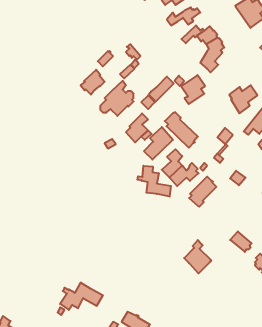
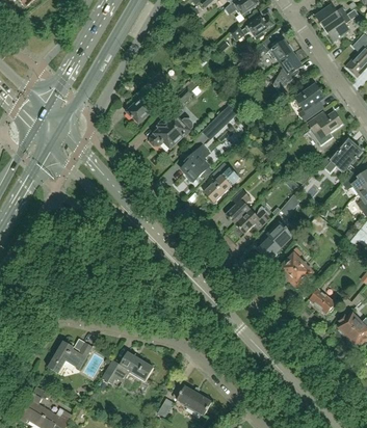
building: [181,75,205,104] -> [295,84,324,119]
building: [165,112,198,148] -> none
building: [137,166,171,197] -> none
building: [184,240,211,273] -> [280,246,313,287]
building: none -> [48,339,93,375]

